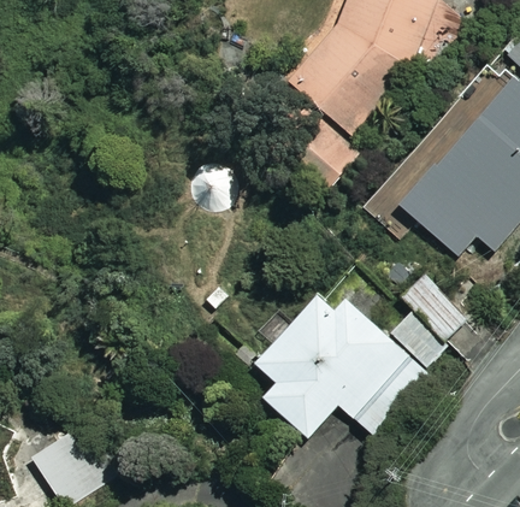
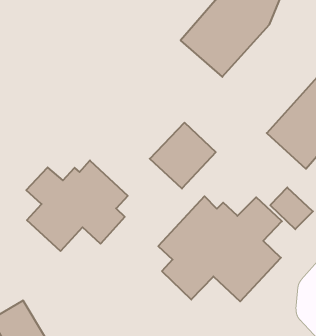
building: none -> [150,123,216,189]
building: none -> [26,160,128,251]

